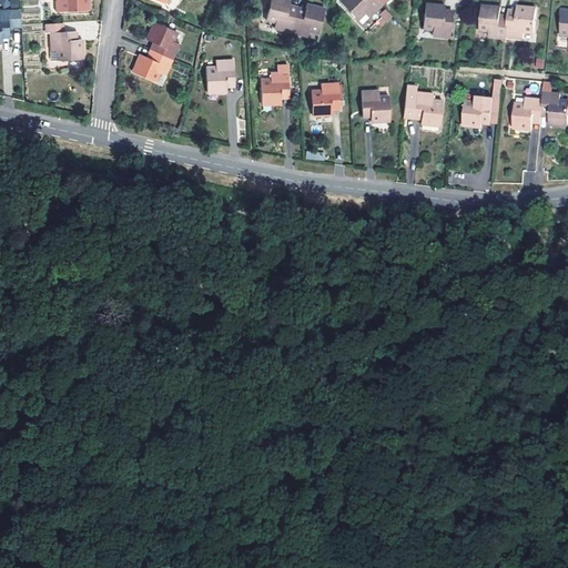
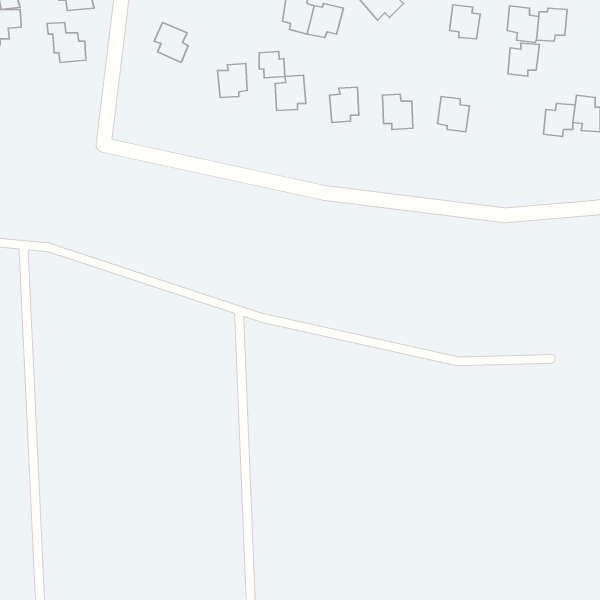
building: none -> [259,52,285,78]
building: [132,49,171,80] -> none
building: [463,95,493,126] -> [508,43,540,76]

